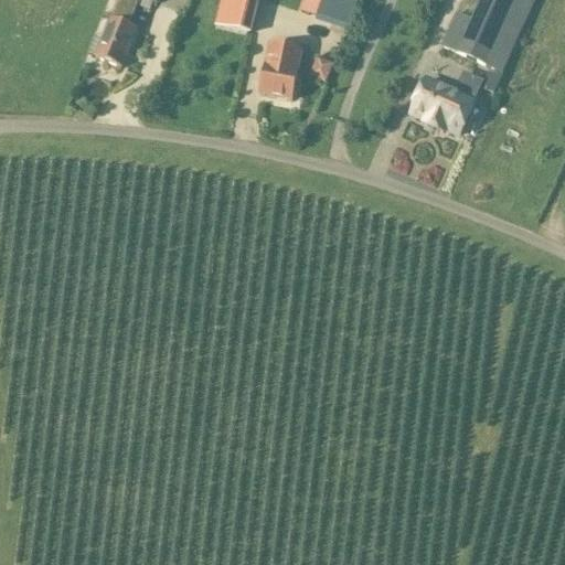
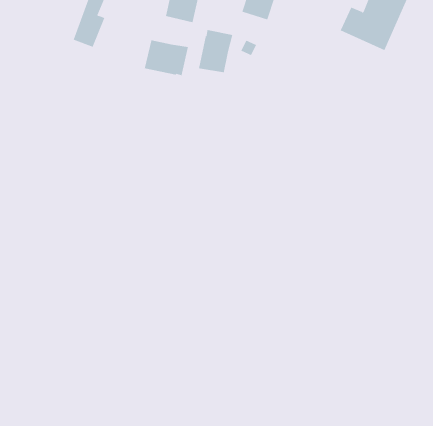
building: none -> [144,40,188,76]
building: [408,67,483,134] -> none

